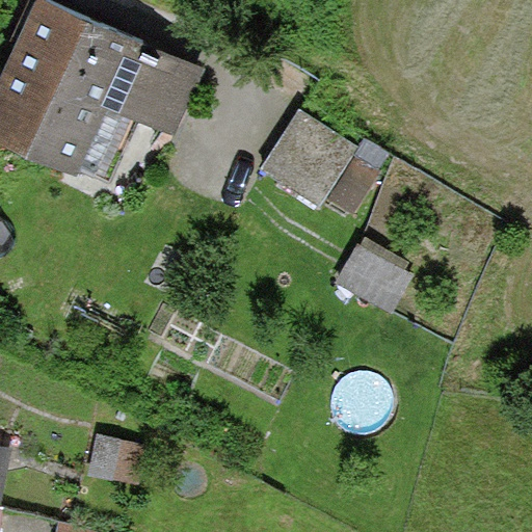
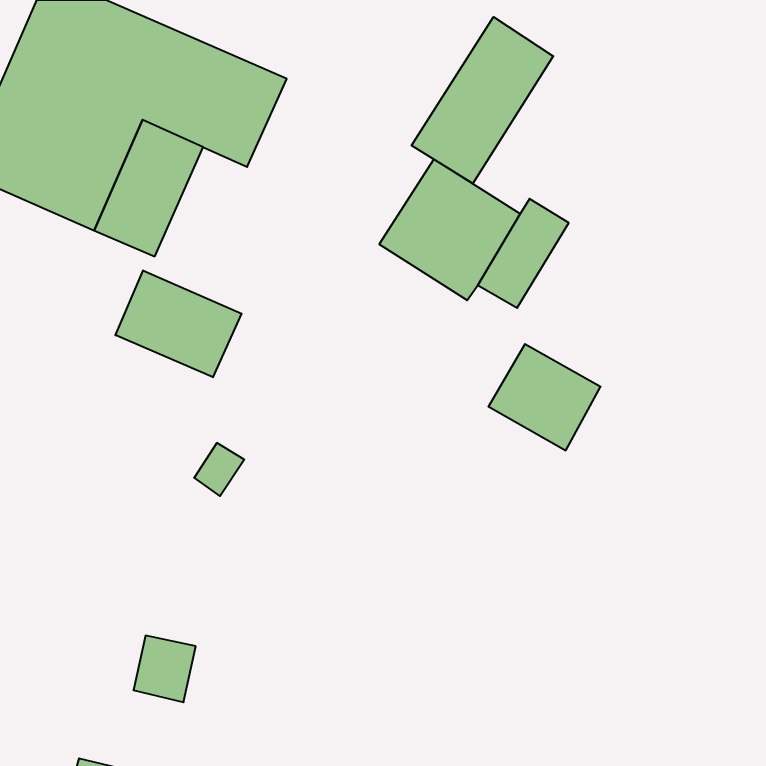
building: none -> [412,17,553,183]
building: none -> [115,270,242,377]

